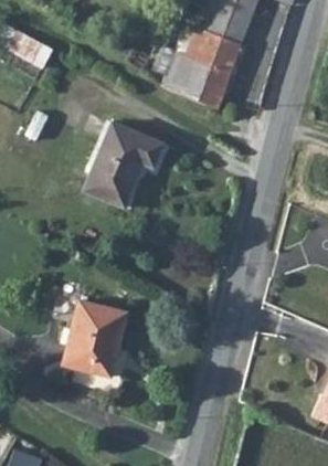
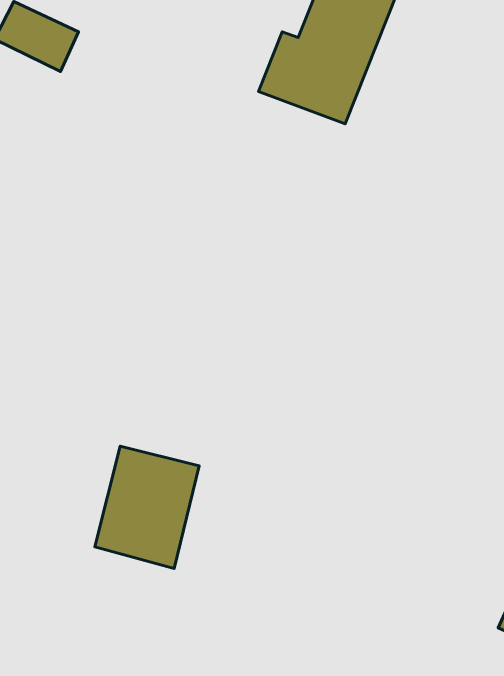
building: [87,124,165,209] -> none

